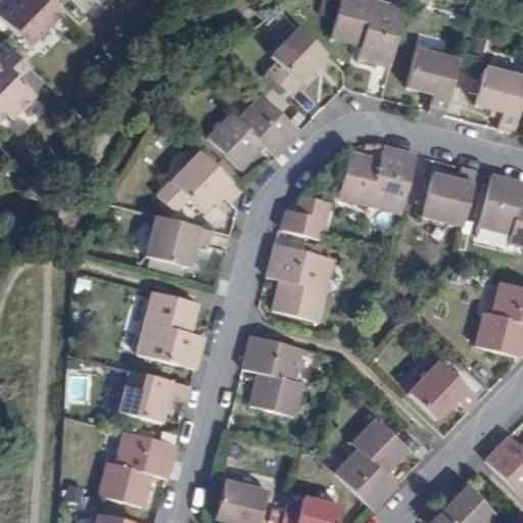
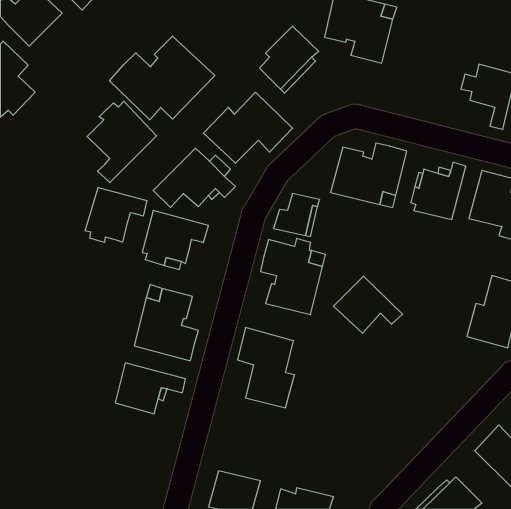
building: none -> [109,36,215,120]
building: [409,48,459,113] -> none
building: none -> [87,101,157,183]
building: none -> [85,187,147,242]
building: [410,361,480,419] -> [333,276,403,333]
building: [335,418,409,509] -> none
building: [100,431,176,506] -> none

